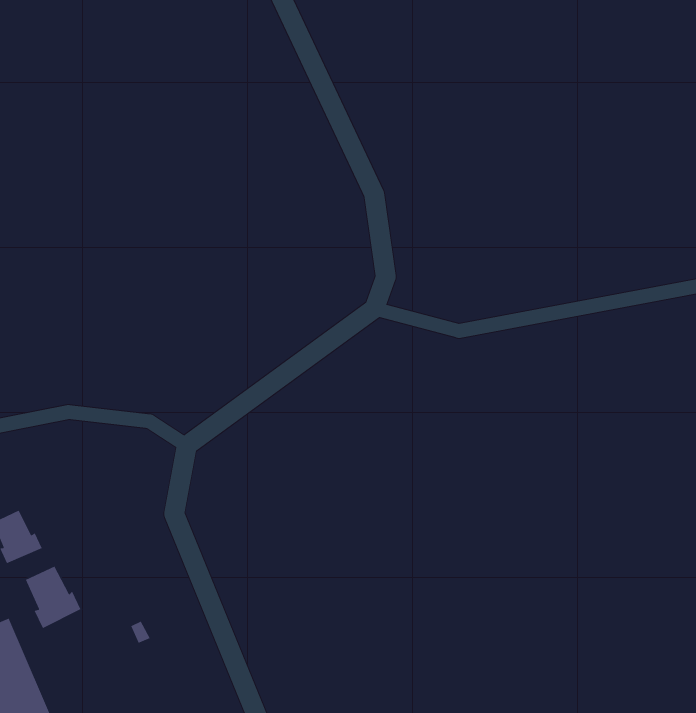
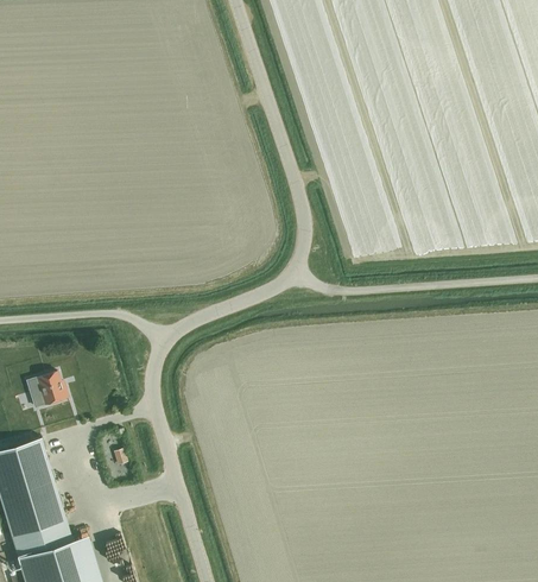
building: [25,565,81,629] -> none

